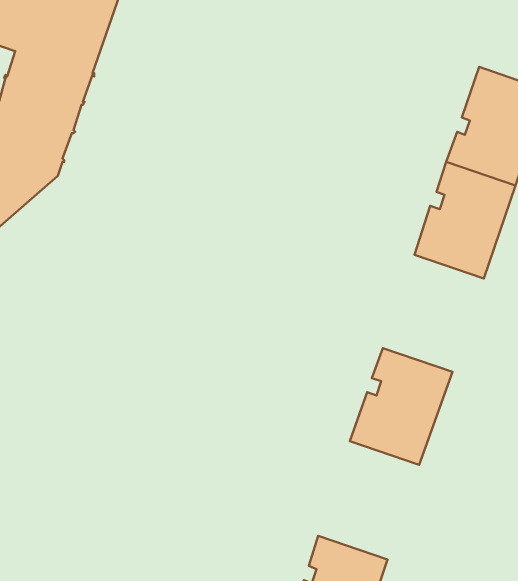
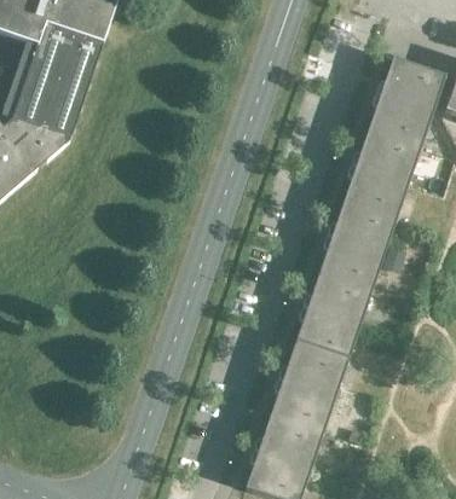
building: none -> [317,202,394,291]
building: none -> [267,344,345,435]

